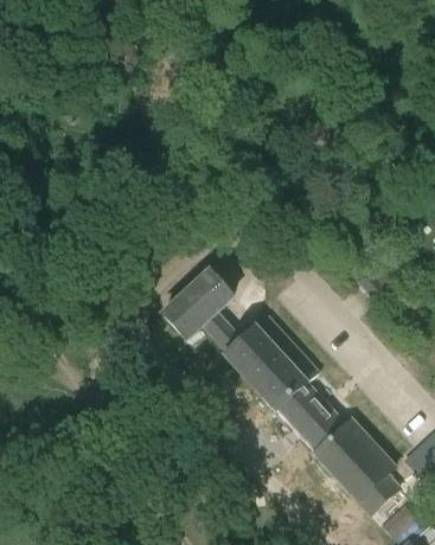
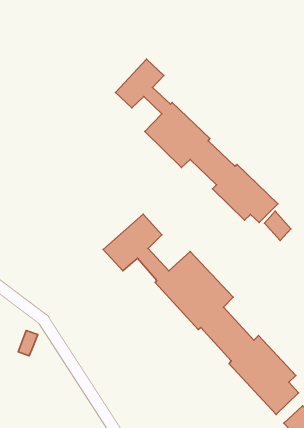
building: none -> [115,59,278,223]

